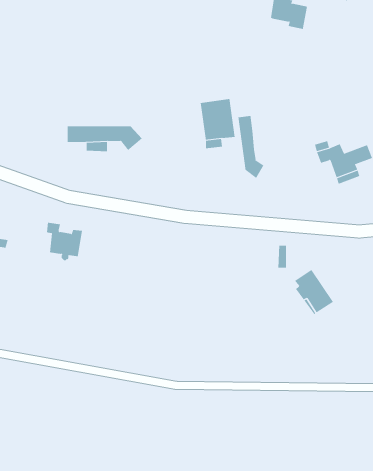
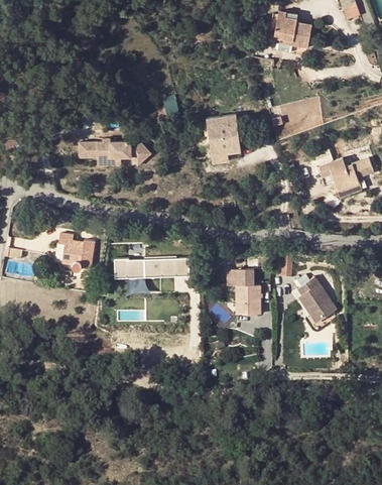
building: [238,115,264,179] -> none
building: none -> [113,256,188,275]
building: none -> [218,271,260,316]

